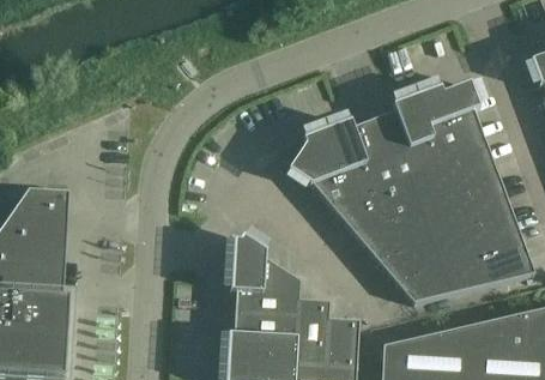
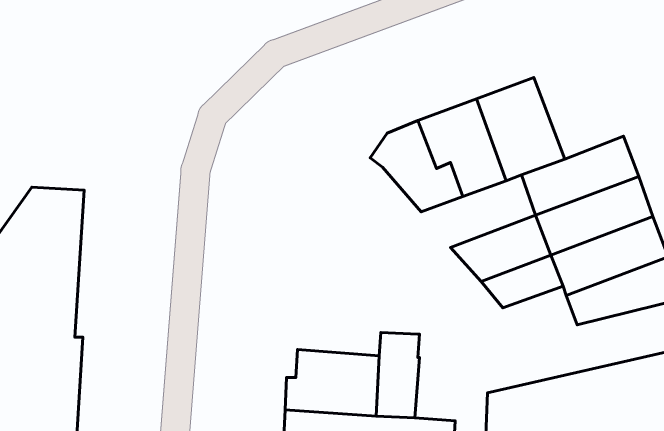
building: [418,83,488,163] -> none
building: [331,175,419,231] -> none
building: [229,234,301,315] -> none
building: [394,261,452,300] -> none
building: [326,316,359,366] -> none

